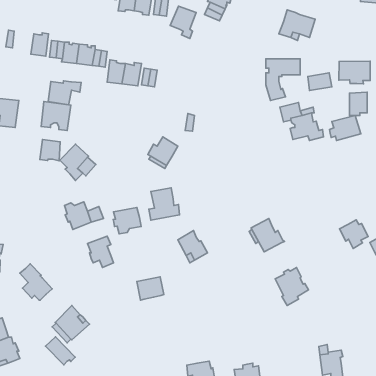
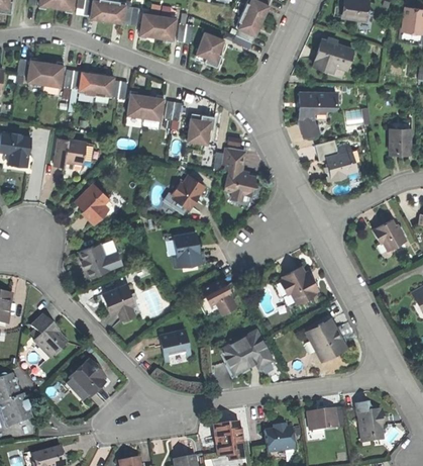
building: none -> [26,60,46,87]
building: [339,61,370,84] -> none
building: [48,81,81,105] -> none
building: none -> [186,117,214,146]
building: none -> [223,149,255,199]
building: [330,115,361,140] -> none
building: [40,139,60,161] -> none
building: [113,207,141,234] -> none
building: [339,220,368,248] -> [373,219,404,251]
building: none -> [220,329,273,374]
building: [46,337,75,365] -> none
building: none -> [306,407,337,432]

